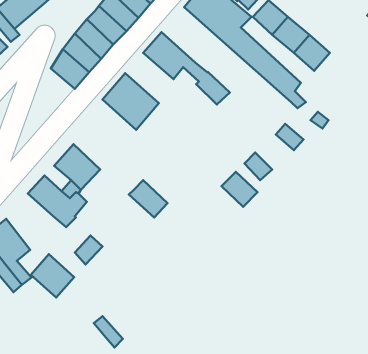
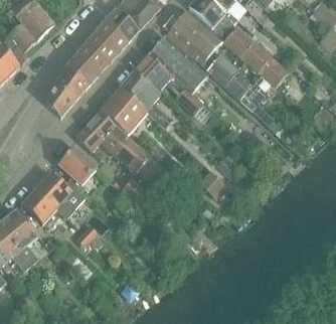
building: none -> [148,36,207,85]
building: none -> [118,70,170,128]
building: none -> [45,84,75,116]
building: none -> [75,110,150,172]
building: [31,254,74,298] -> [21,188,57,224]

